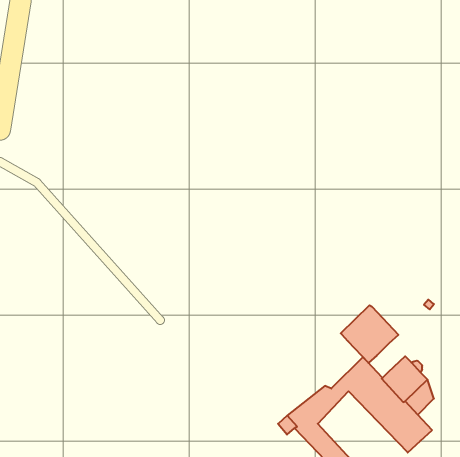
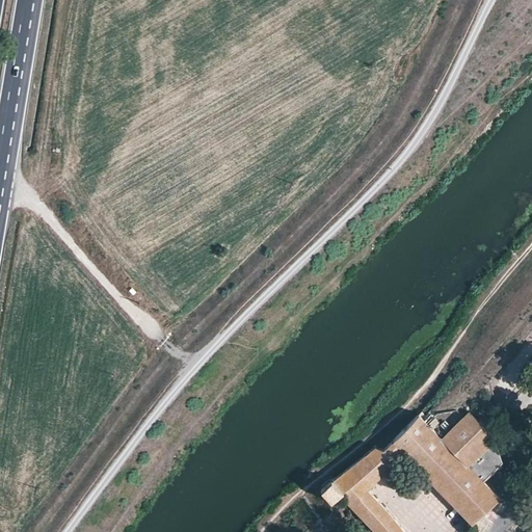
building: [341,305,398,363] -> none

